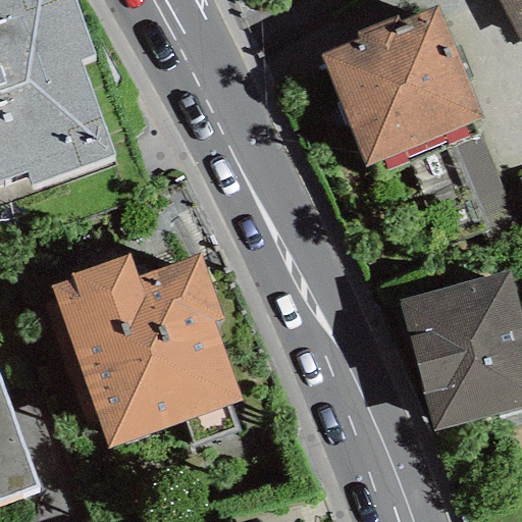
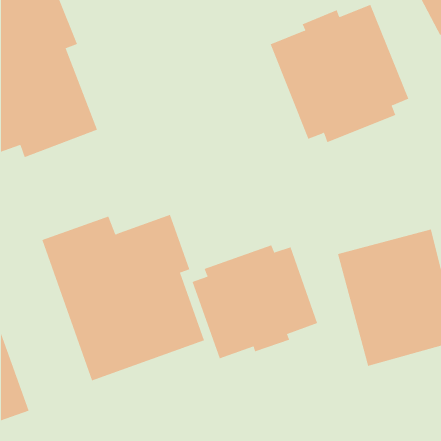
building: none -> [192,244,318,359]

